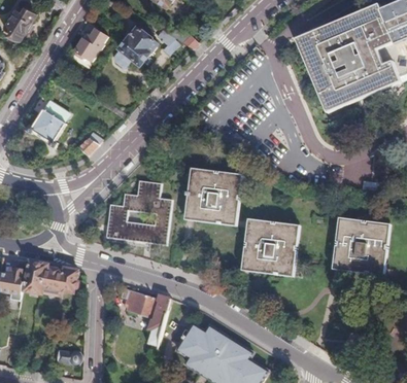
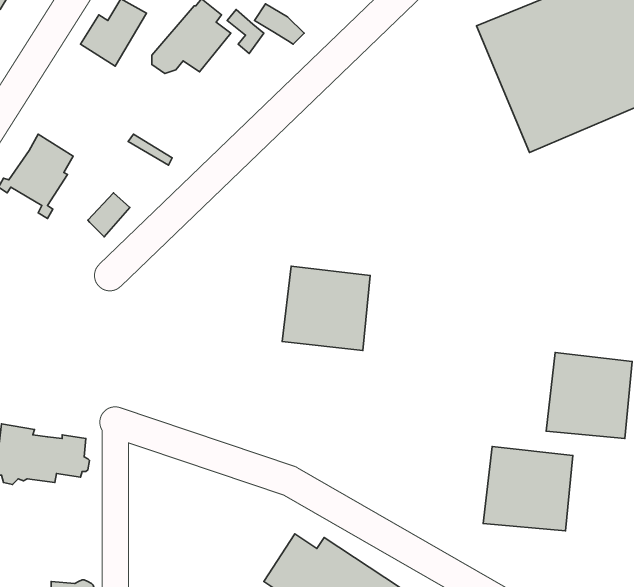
building: [103,180,170,245] -> none
building: [243,224,294,272] -> [483,446,573,531]
building: [120,289,169,347] -> none

